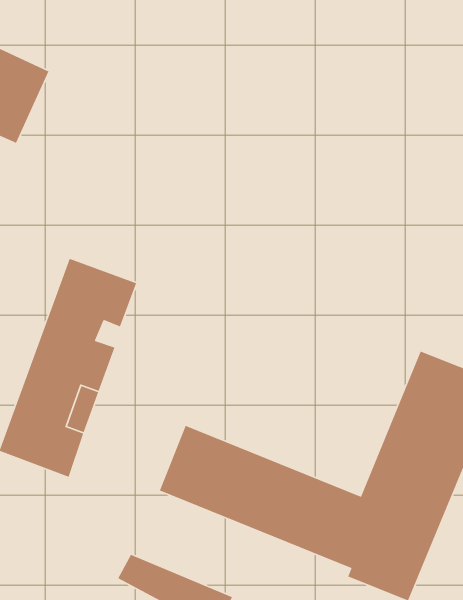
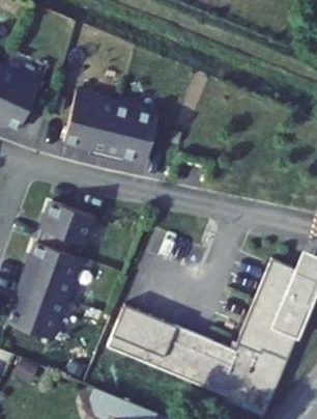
building: none -> [64,90,161,163]

